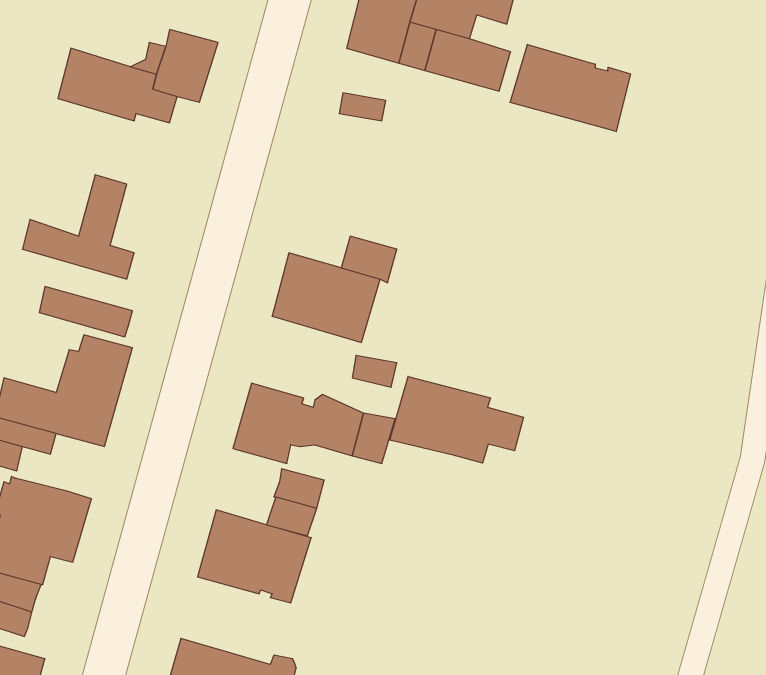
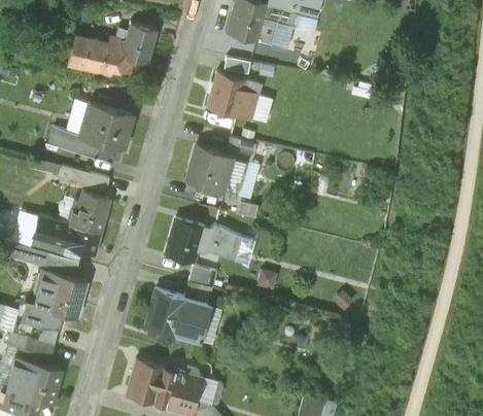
building: [510,44,631,132] -> none
building: none -> [207,72,261,120]
building: none -> [97,108,132,149]
building: [390,376,523,463] -> none
building: none -> [44,253,78,278]

